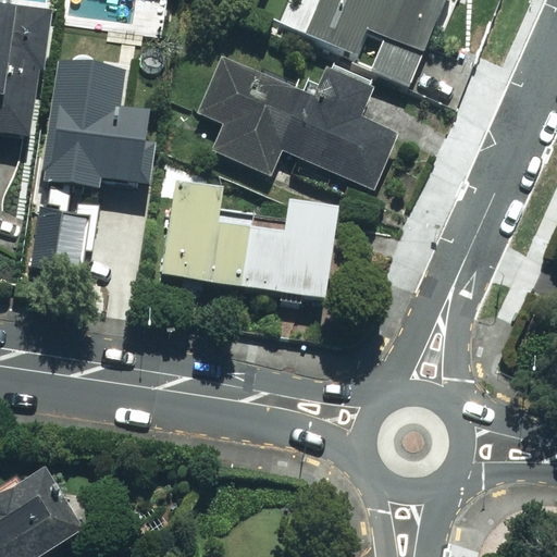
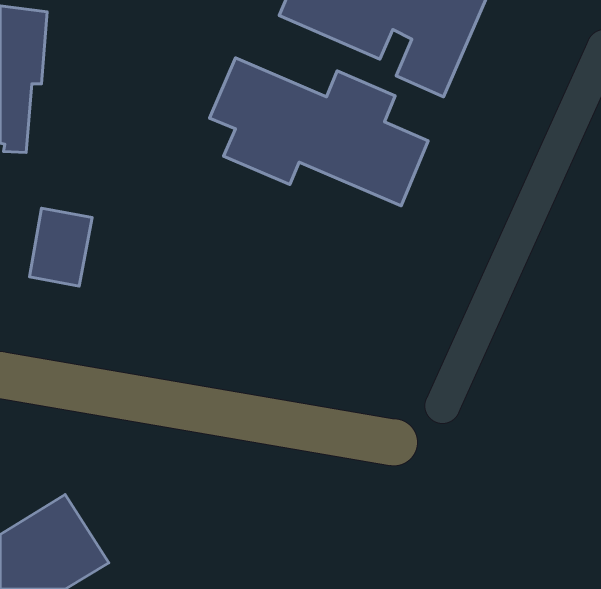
building: [48,58,151,176] -> none
building: [160,186,330,297] -> none

